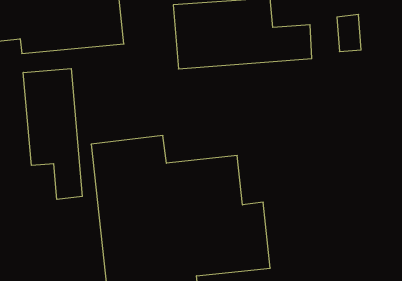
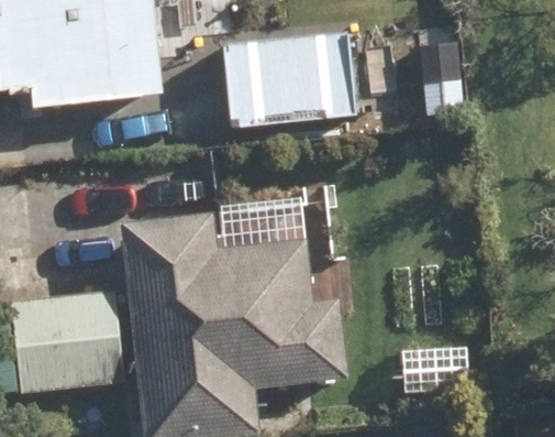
building: [23,69,82,199] -> none
building: none -> [13,293,123,391]

